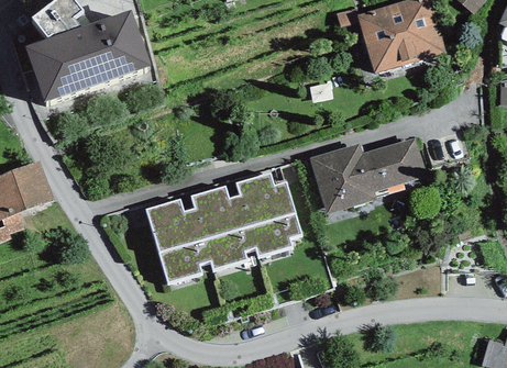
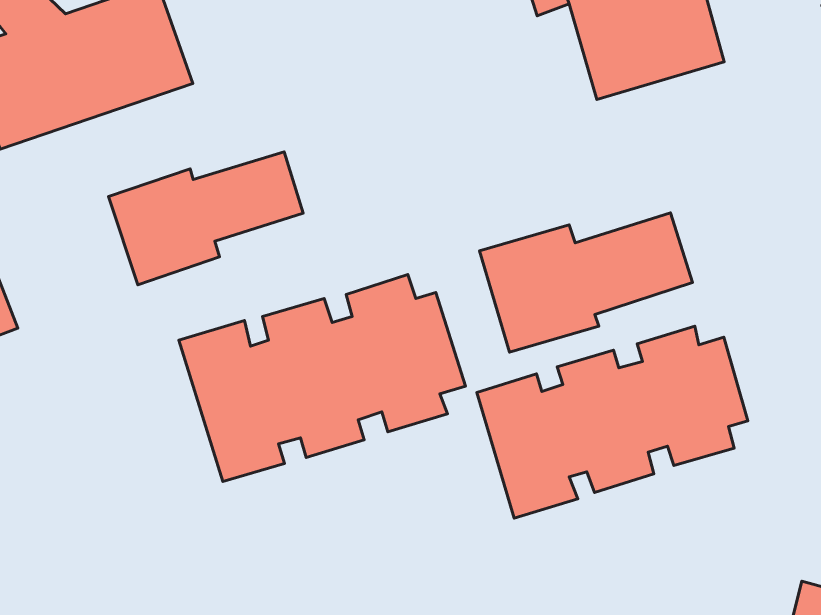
building: none -> [108,152,303,285]
building: none -> [477,326,748,518]

